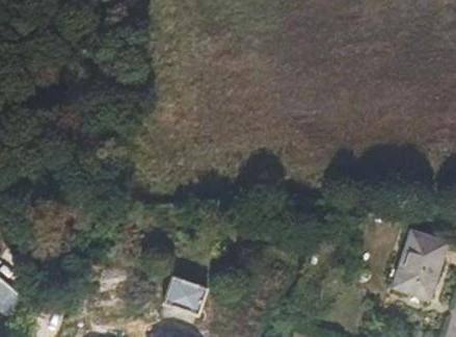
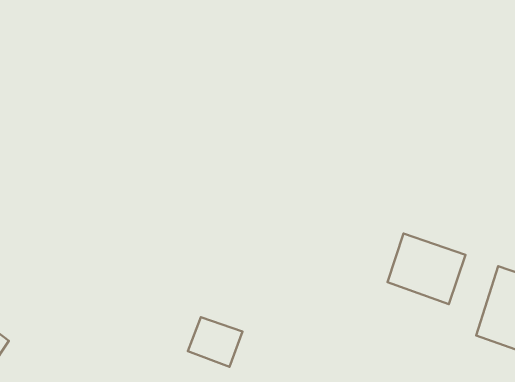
building: none -> [388,234,466,304]

